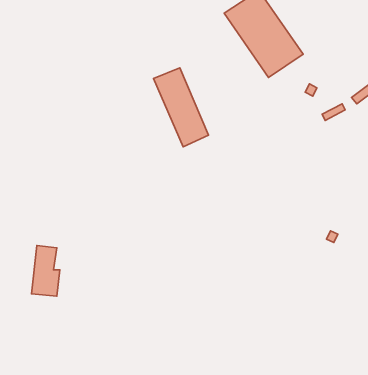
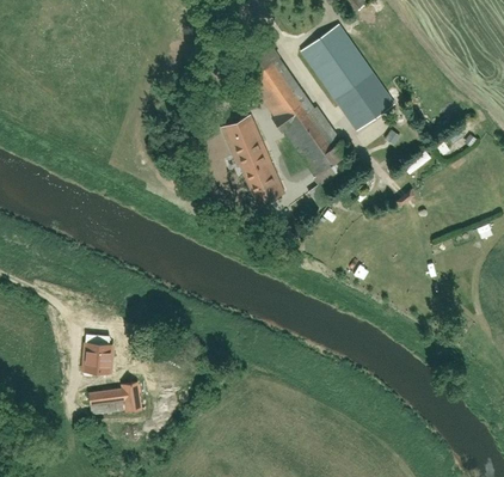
building: none -> [250,66,345,178]
building: none -> [85,380,141,414]

